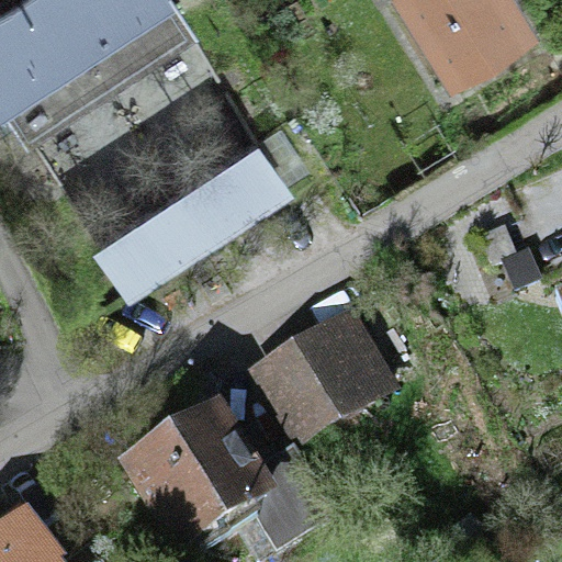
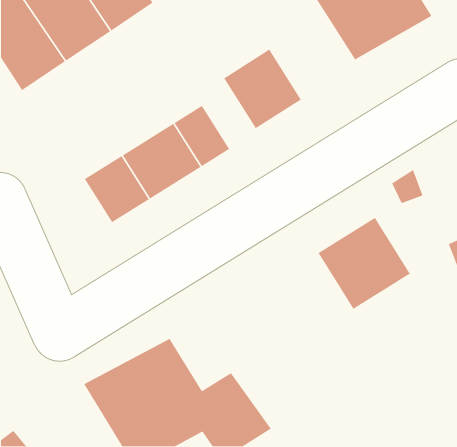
building: none -> [223,49,302,129]
building: none -> [318,217,411,310]
building: [250,316,403,460] -> none

